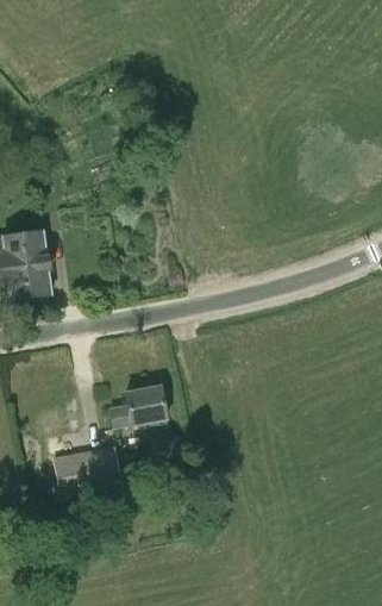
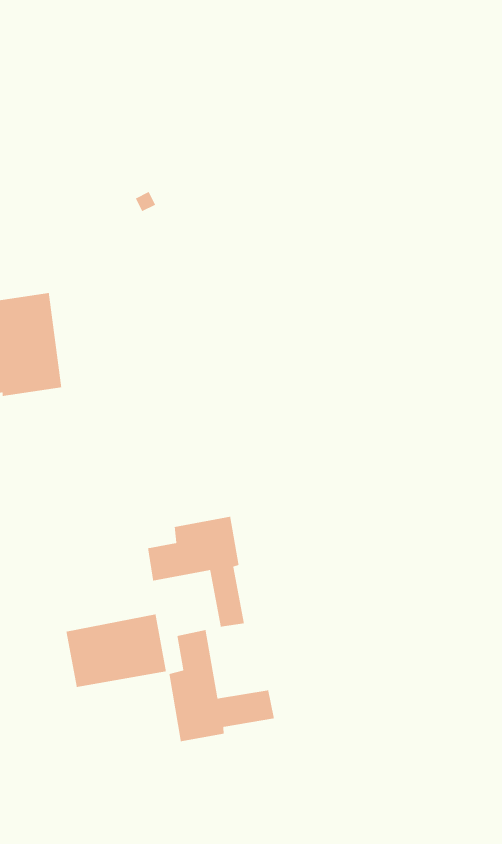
building: none -> [169,629,275,742]

